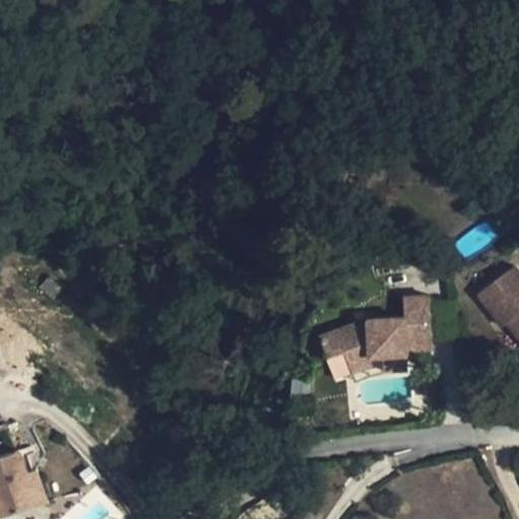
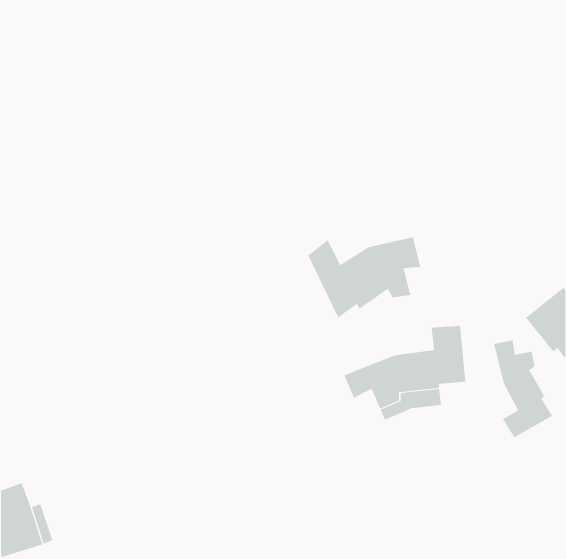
building: none -> [307,237,421,319]
building: none -> [493,339,553,438]

